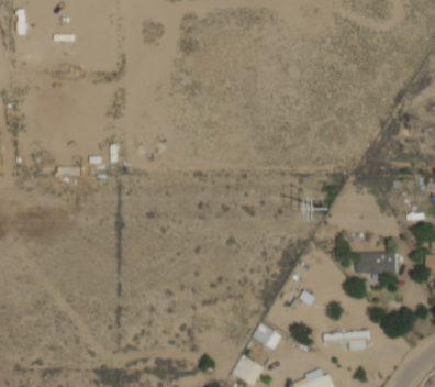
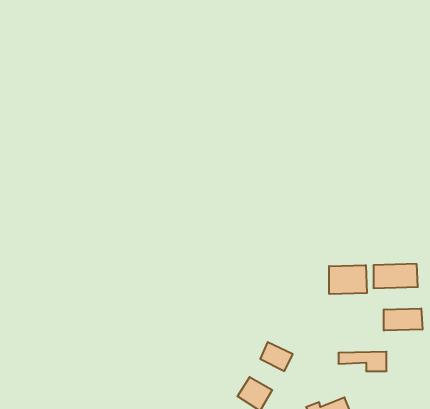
building: none -> [329,265,367,294]
building: none -> [384,308,422,331]

